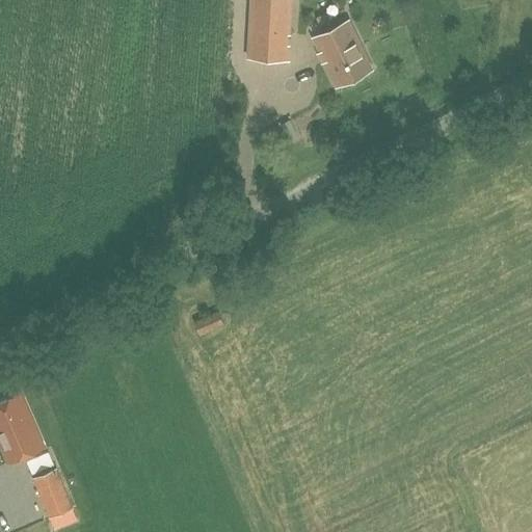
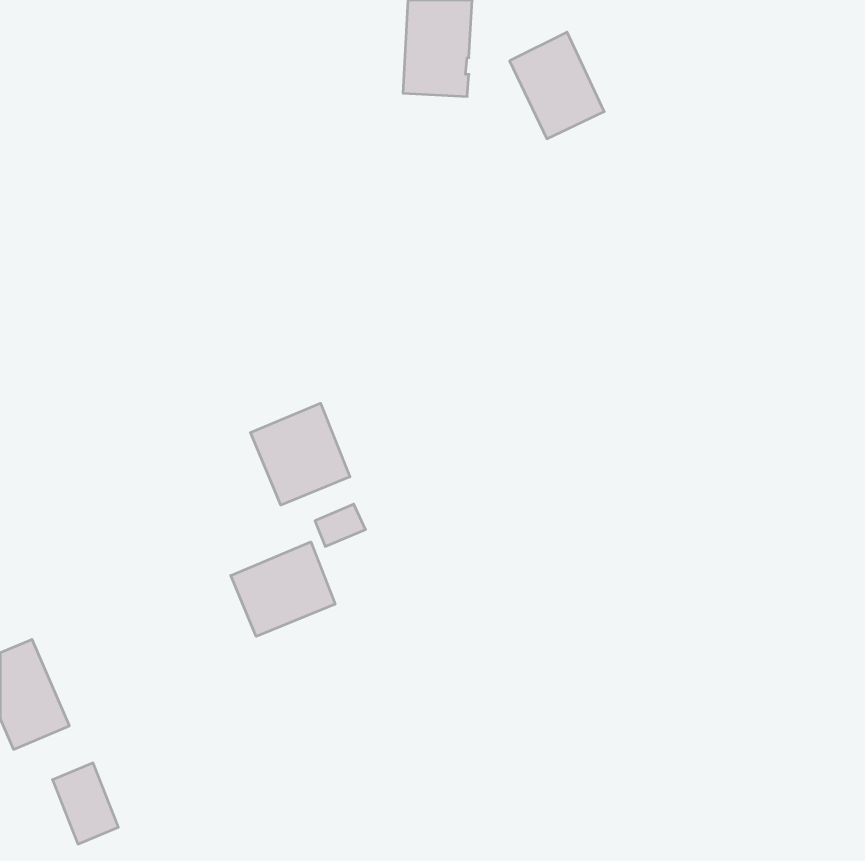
building: none -> [250,403,350,505]
building: none -> [231,542,335,636]

